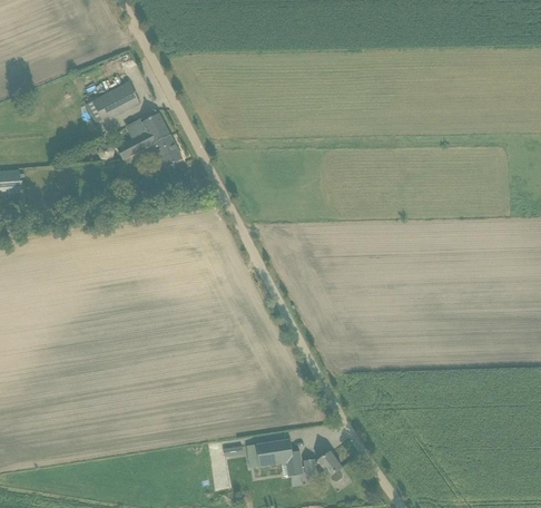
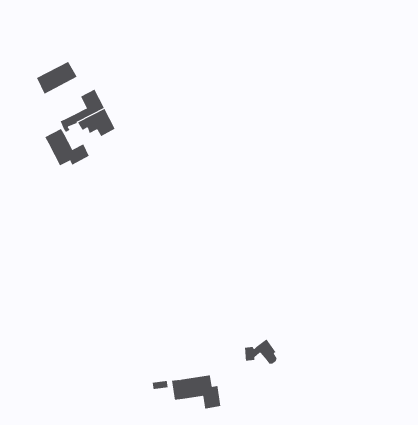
building: none -> [44,128,90,166]
building: [304,450,342,479] -> [244,339,278,364]

